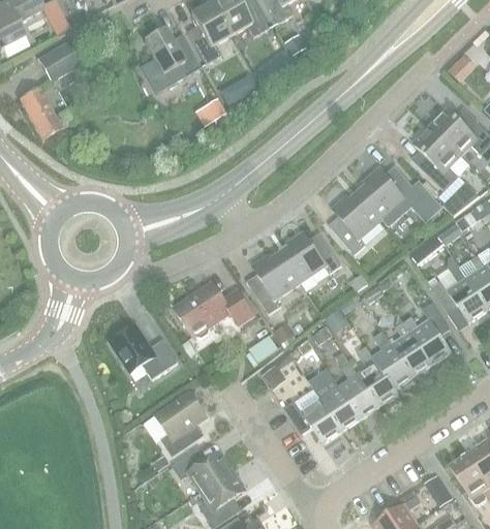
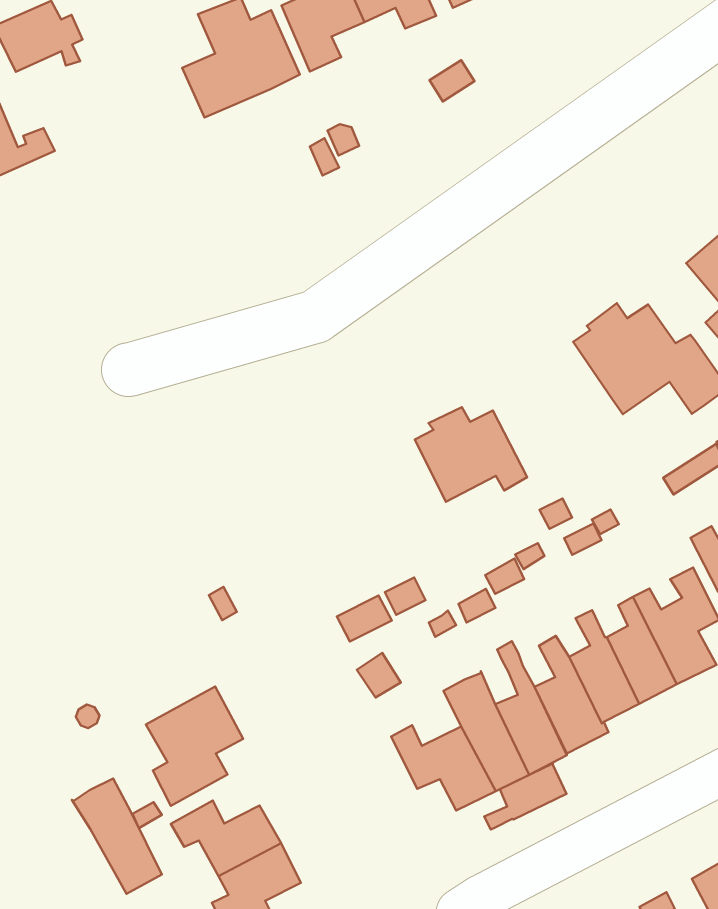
building: [328,190,381,253] -> none
building: [246,250,300,313] -> none
building: [174,281,253,337] -> none
building: [110,323,178,378] -> none
building: none -> [484,763,566,829]
building: none -> [72,779,162,894]

